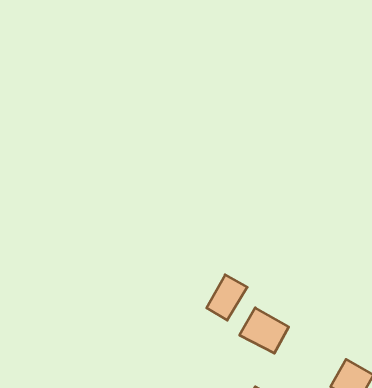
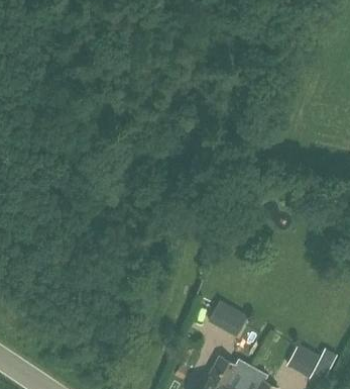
building: [207,275,247,320] -> none

